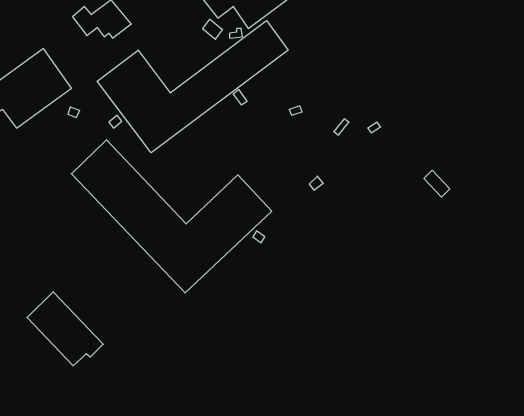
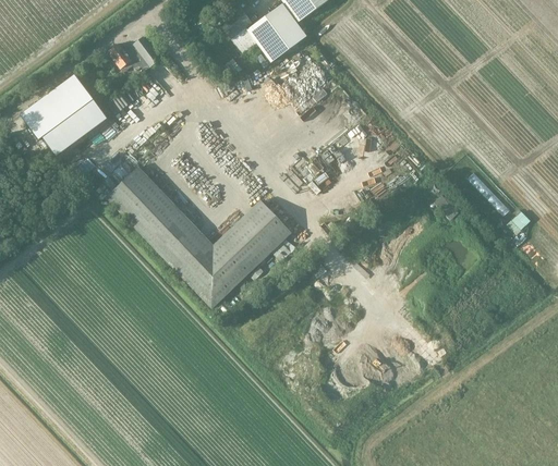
building: [97,21,288,153] -> none
building: [27,292,103,366] -> none

